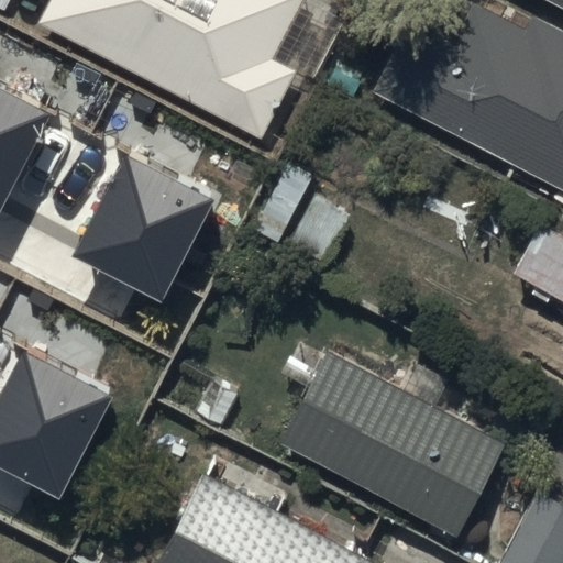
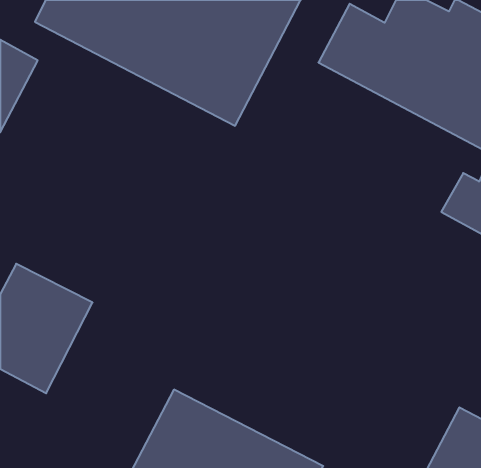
building: [69,129,210,277] -> none
building: [279,347,504,531] -> none

